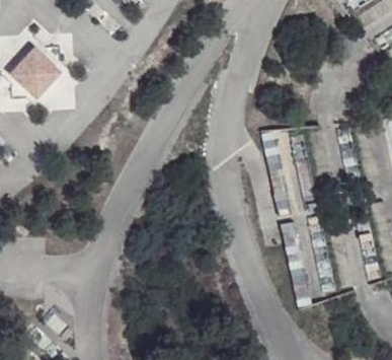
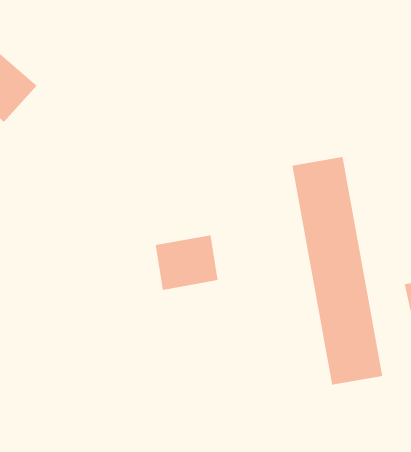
building: none -> [155,234,218,291]

